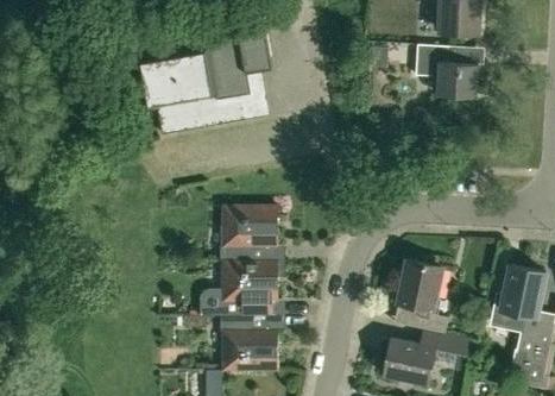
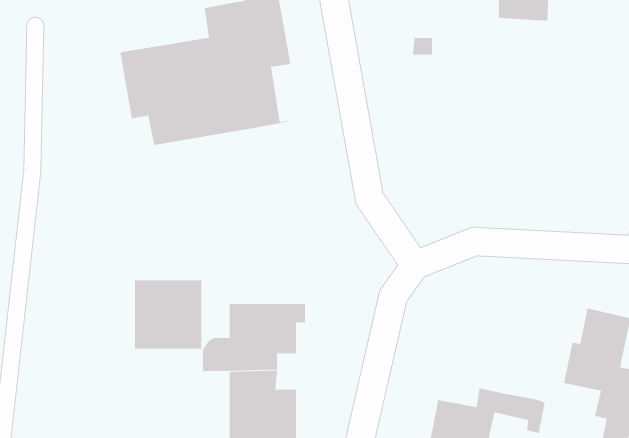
building: [415,44,478,98] -> none
building: [222,205,277,260] -> [134,280,202,349]
building: [393,259,448,333] -> none

